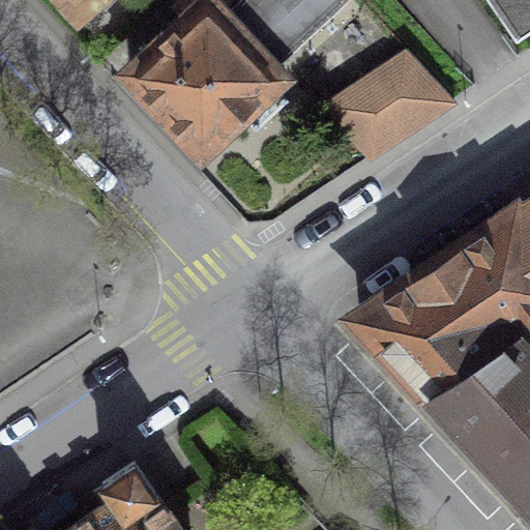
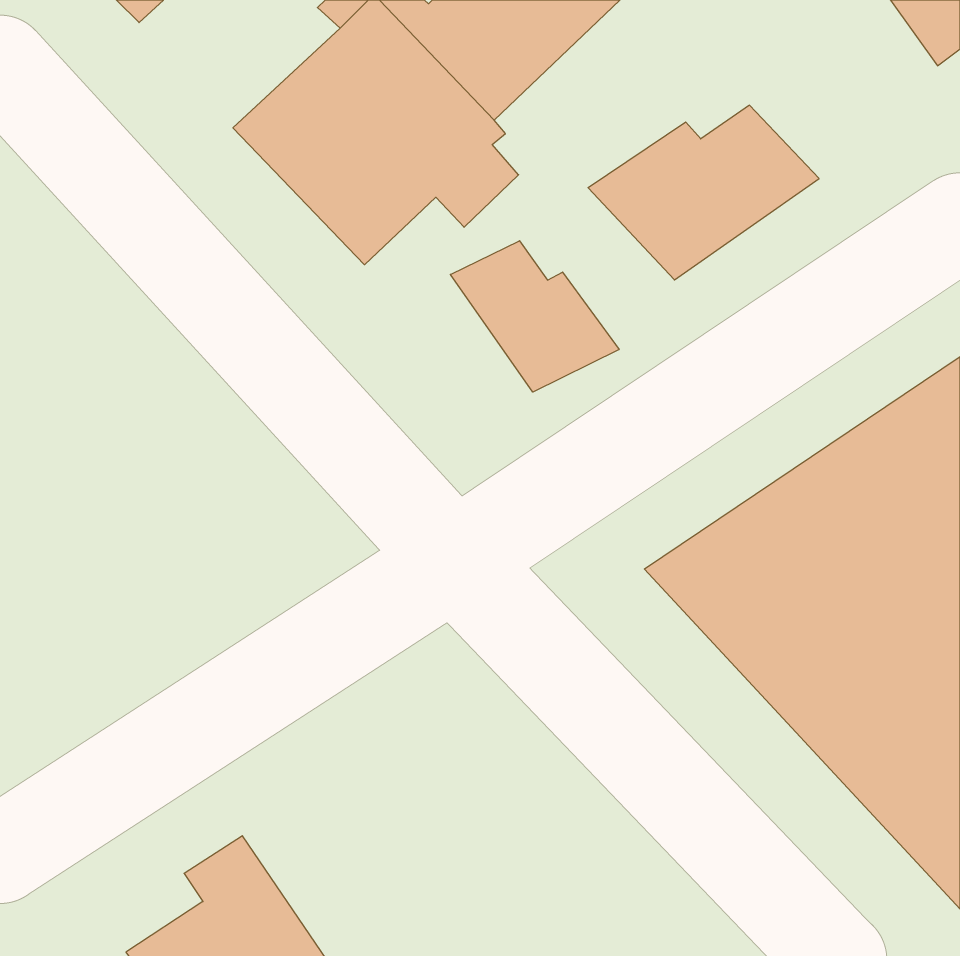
building: none -> [450,241,619,392]

